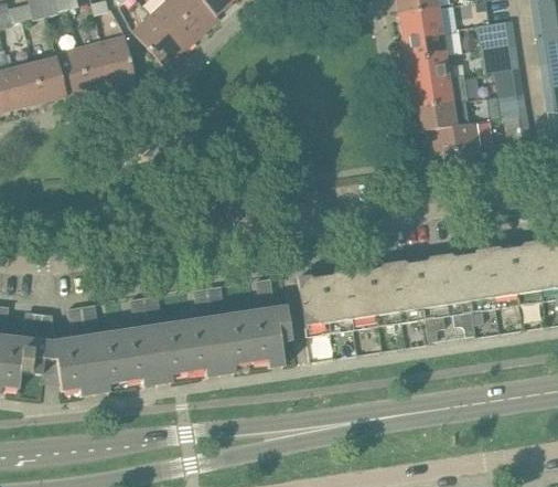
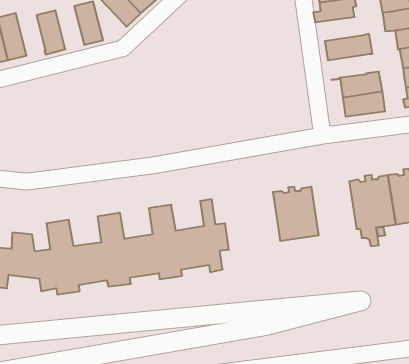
building: [78,40,114,93] -> none
building: [33,51,66,100] -> none
building: [397,53,453,83] -> none
building: [412,98,468,130] -> none
building: [393,254,448,340] -> none
building: [298,268,354,336] -> none

